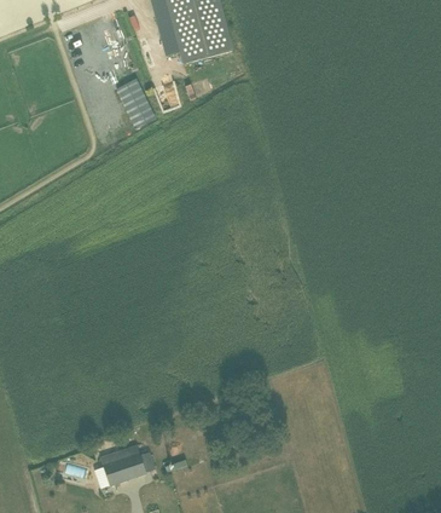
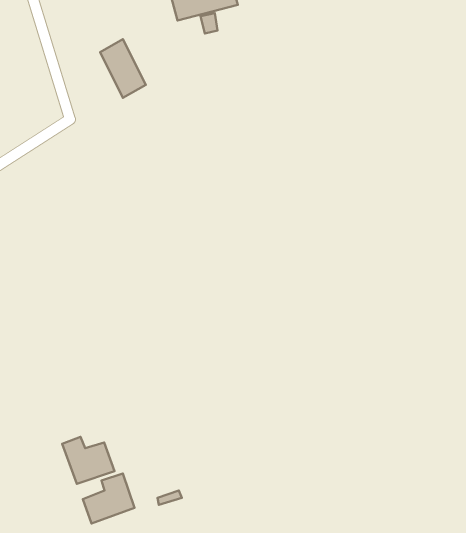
building: none -> [62,437,114,484]

